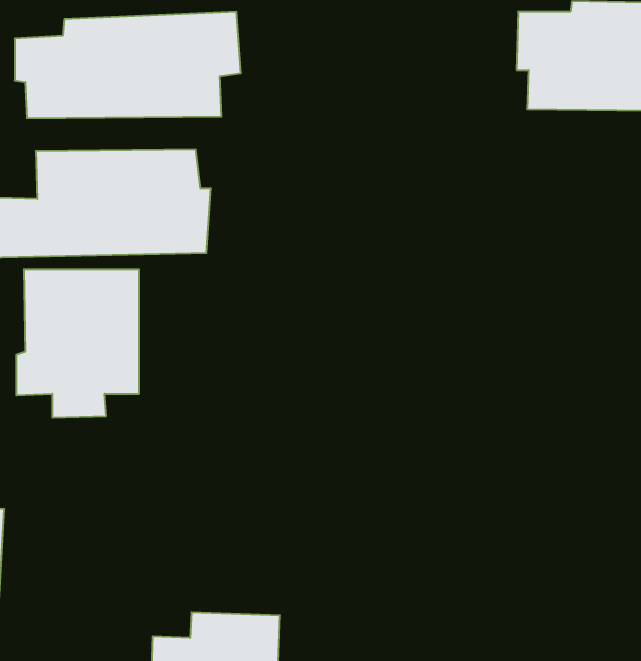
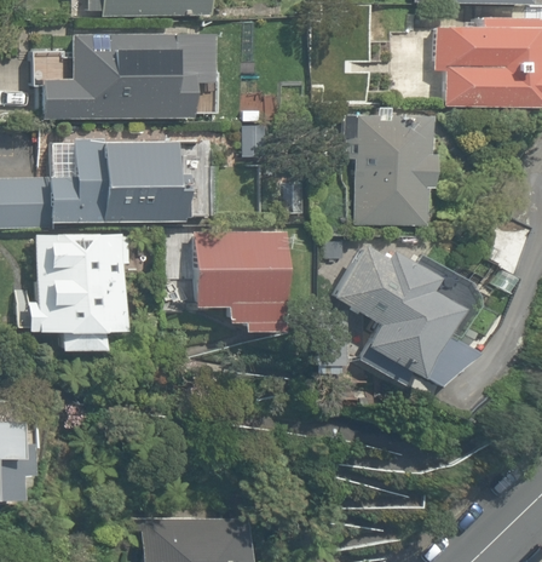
building: none -> [357,119,432,226]
building: none -> [196,235,286,332]
building: none -> [336,247,490,386]

